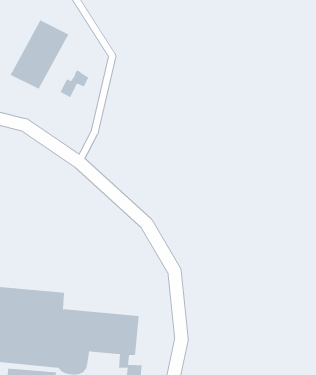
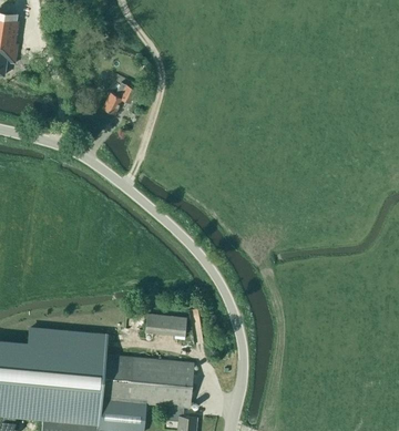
building: [10,20,69,90] -> none
building: none -> [145,314,186,335]

